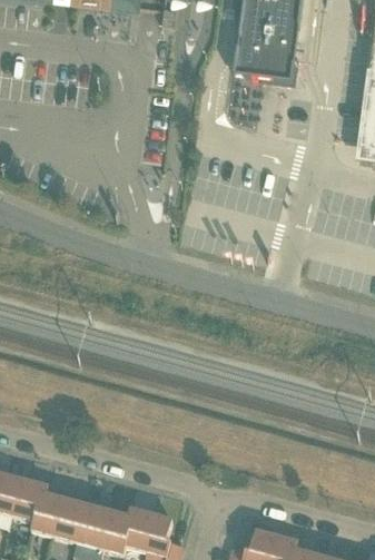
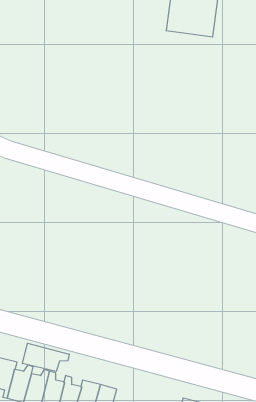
building: none -> [22,343,69,371]

